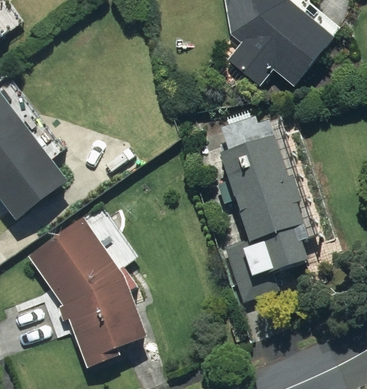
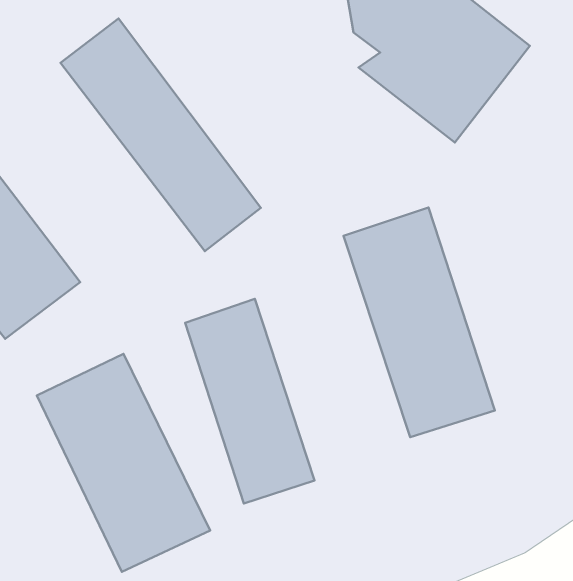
building: none -> [61,18,261,251]
building: none -> [185,299,314,503]

